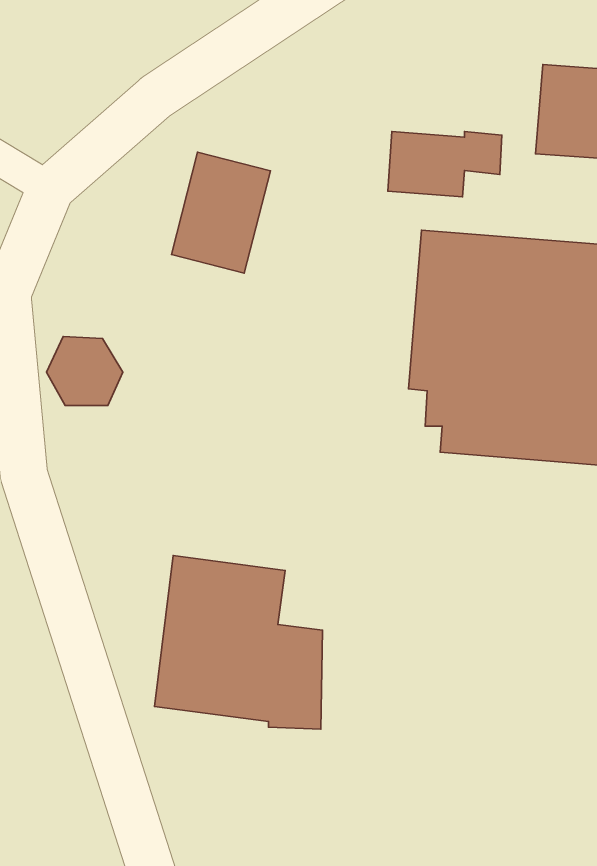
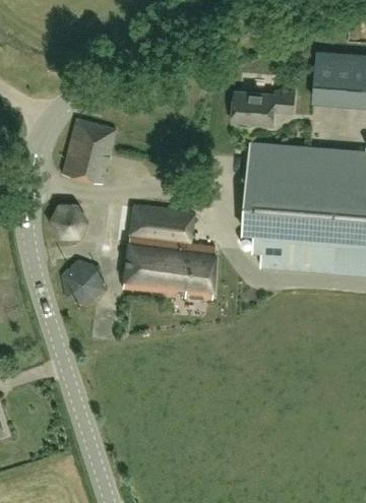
building: [171,152,270,273] -> [61,117,115,183]
building: none -> [58,260,104,306]
building: [155,556,323,729] -> [121,204,212,299]

